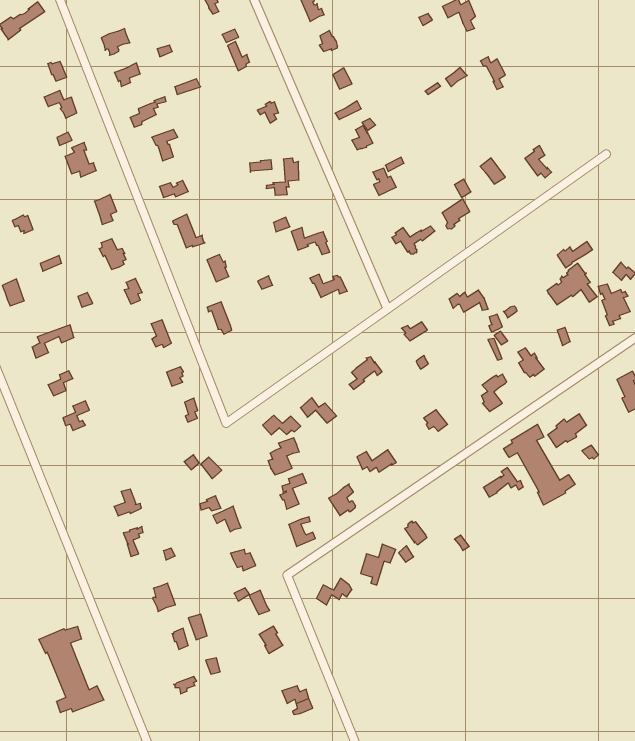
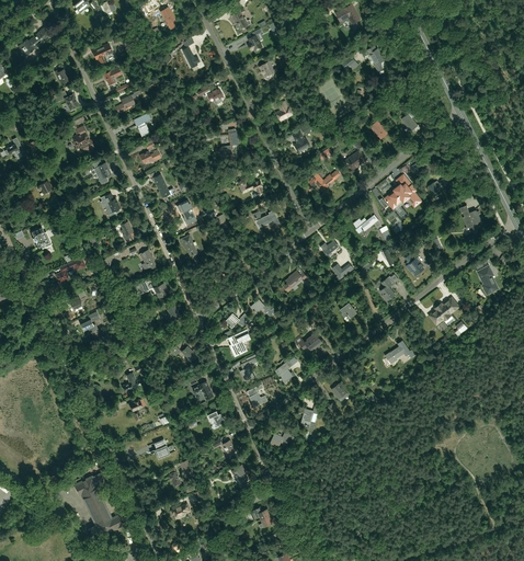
building: [547,263,597,305] -> [385,179,421,209]
building: [504,424,575,505] -> none

